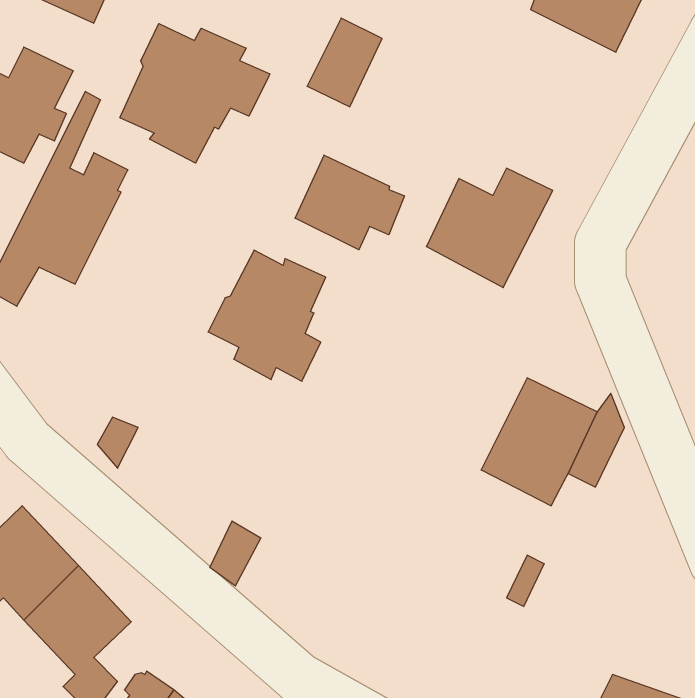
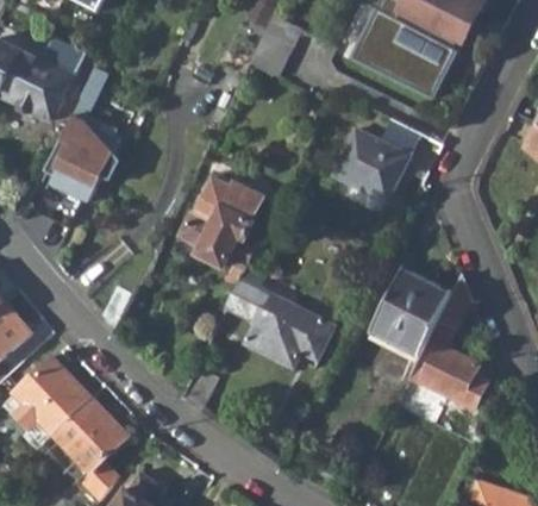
building: none -> [358,10,456,92]
building: [120,24,270,163] -> none
building: [295,155,404,250] -> none
building: none -> [226,267,334,367]
building: none -> [408,338,487,408]

